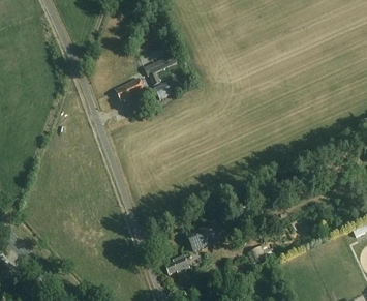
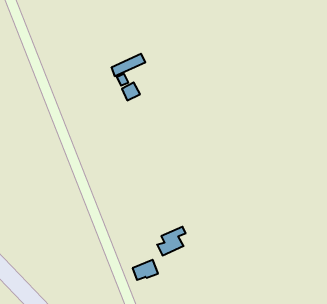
building: [115,78,145,100] -> none

